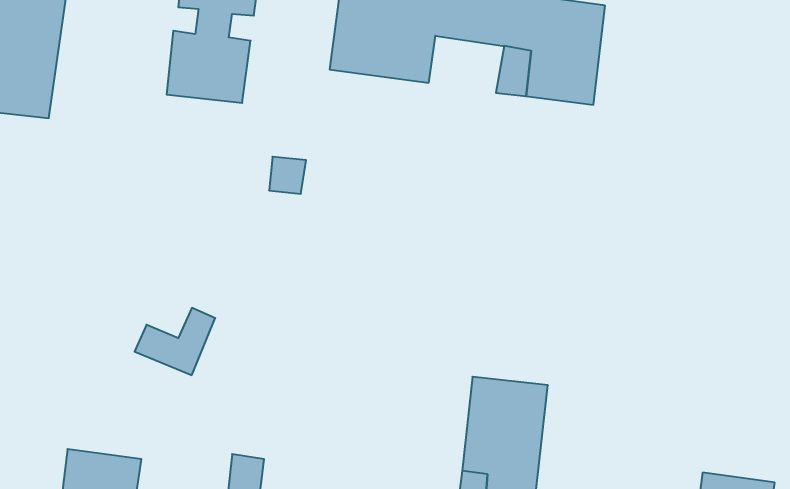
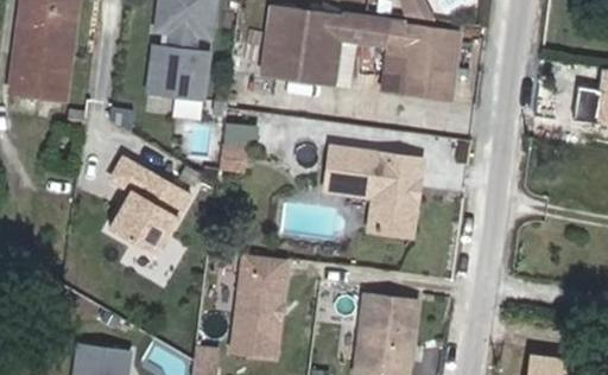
building: none -> [323,146,422,235]
building: none -> [108,154,189,253]
building: none -> [230,252,286,356]

